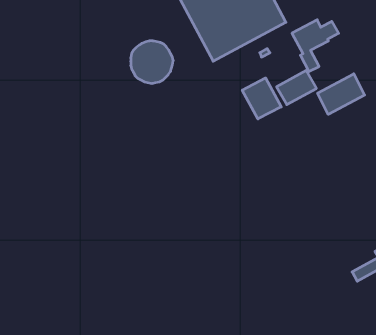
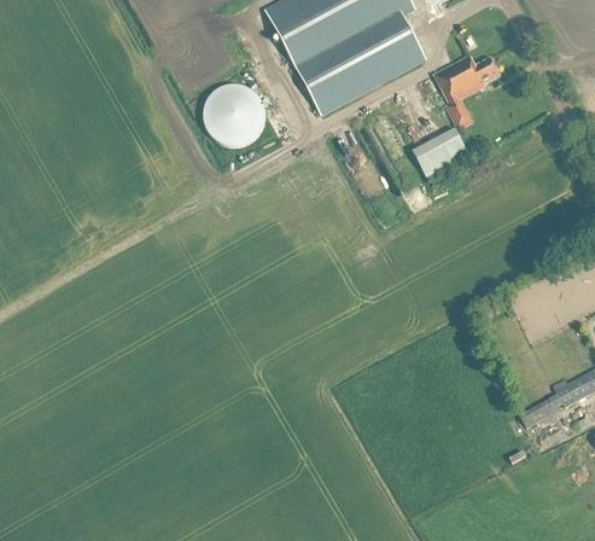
building: [318,74,365,114] -> none
building: [242,78,281,119] -> none

